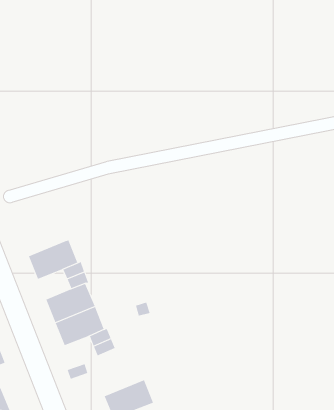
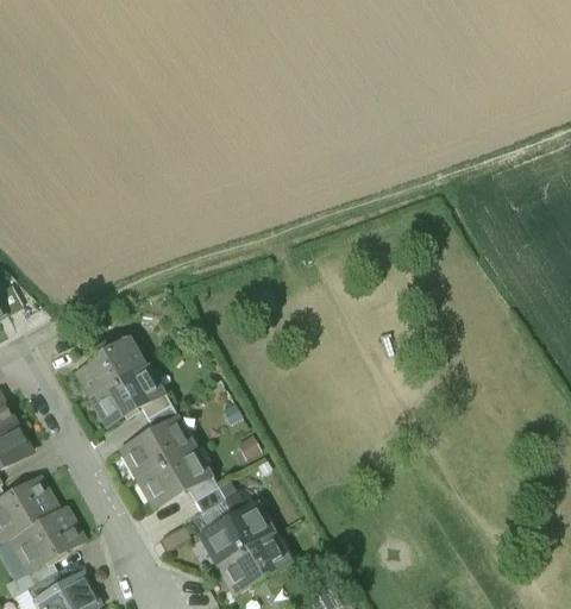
building: none -> [76,337,139,395]
building: none -> [201,506,268,564]

